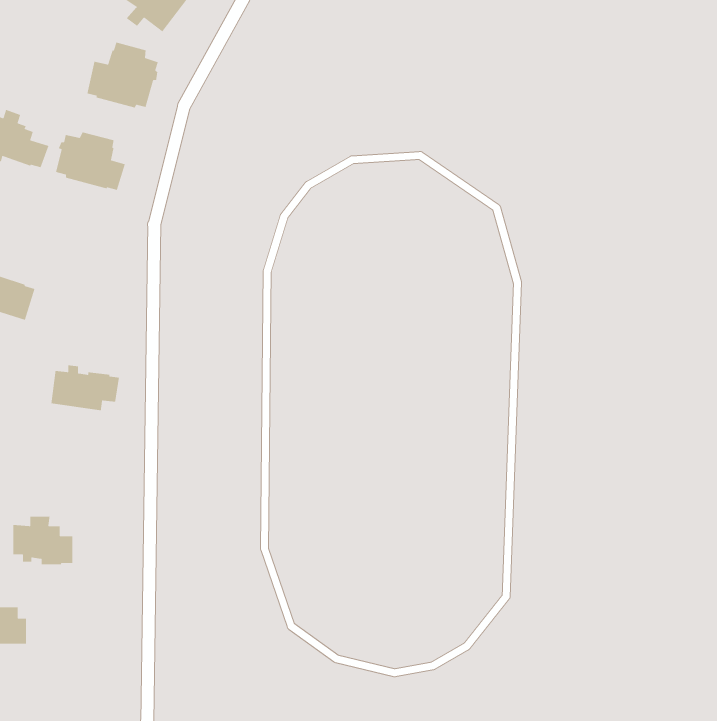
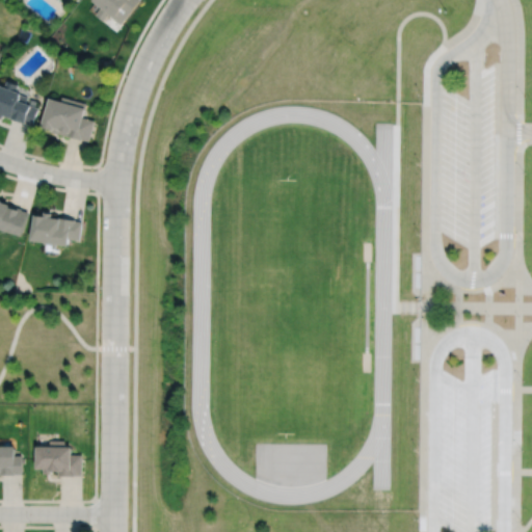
building: [86,41,159,108] -> none
building: [51,364,120,411] -> [29,212,80,246]
building: [12,516,73,565] -> [35,440,80,476]

